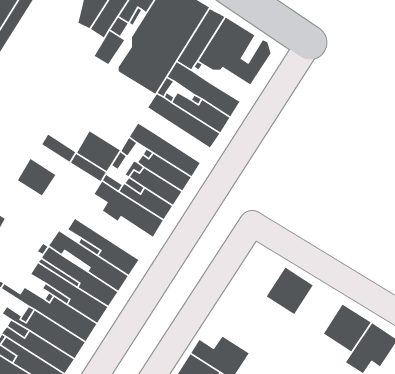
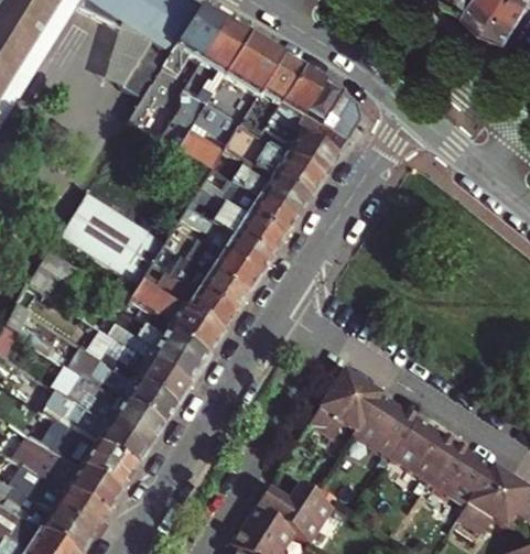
building: none -> [282,135,333,180]
building: none -> [196,191,280,260]
building: none -> [67,194,121,246]
building: none -> [107,313,205,387]
building: none -> [307,372,378,441]
building: none -> [390,420,453,484]

